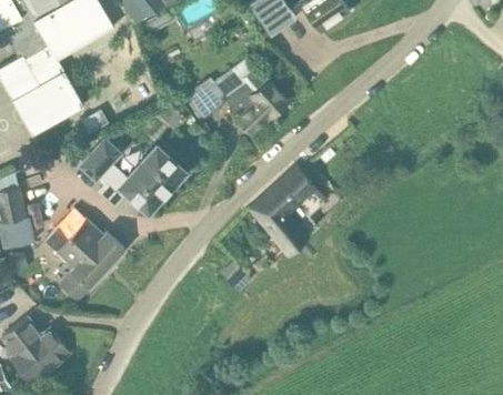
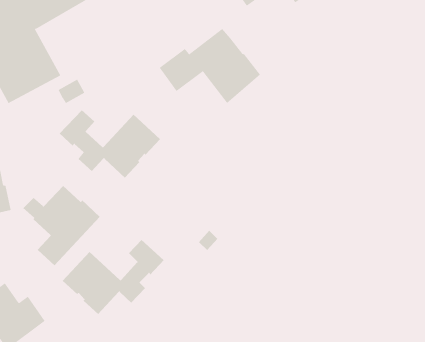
building: [249,166,326,242] -> none
building: none -> [62,239,165,315]

